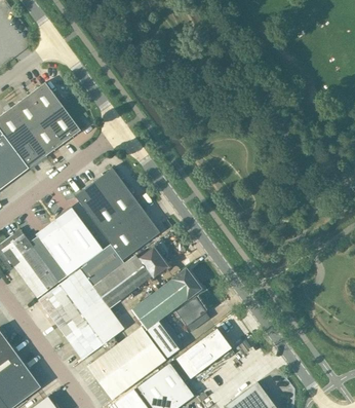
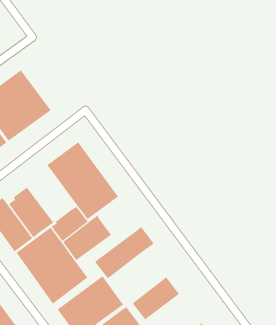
building: [52,209,103,264] -> none
building: [137,248,167,279] -> none
building: [175,297,210,333] -> none
building: [148,322,181,359] -> none

